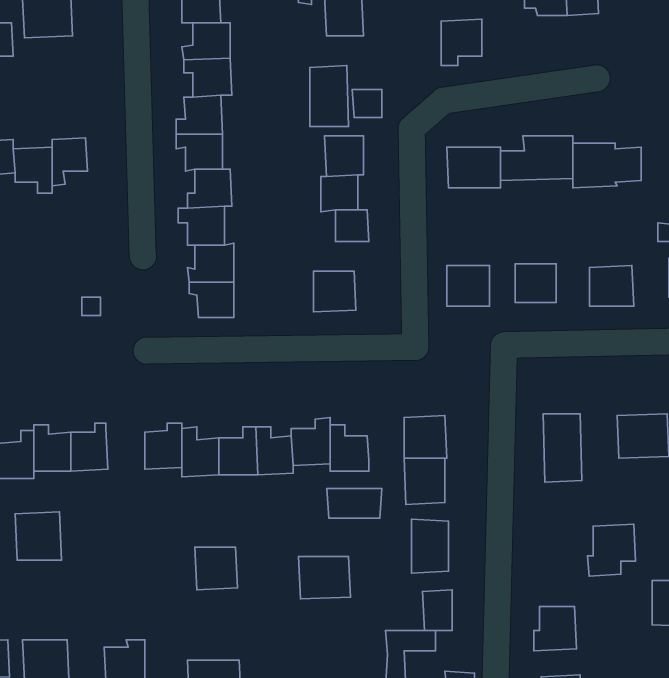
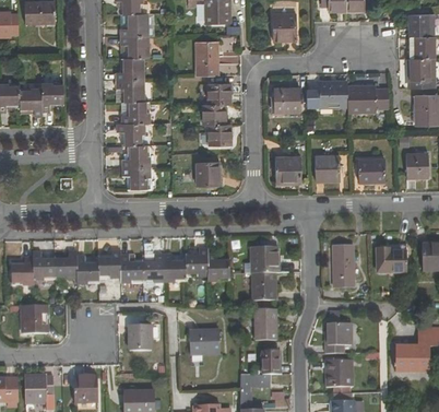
building: none -> [74,255,97,283]
building: [327,489,382,518] -> none
building: [587,524,636,576] -> [323,322,352,353]

